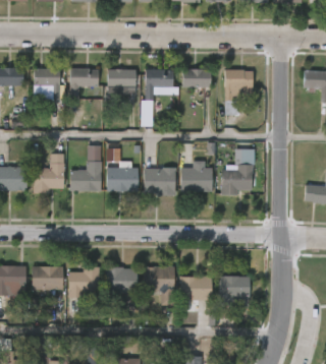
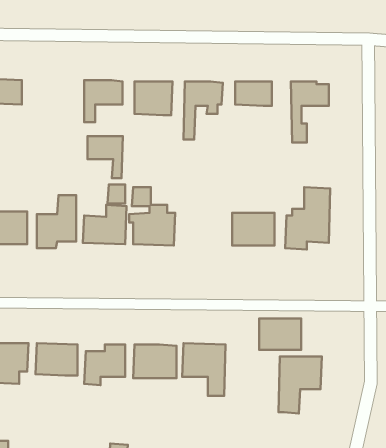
building: [33,68,59,100] -> [87,136,123,178]
building: [143,165,175,195] -> none
building: [179,277,211,300] -> [259,319,301,350]

